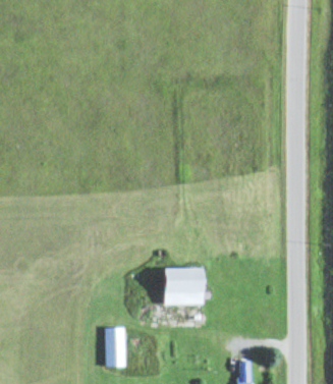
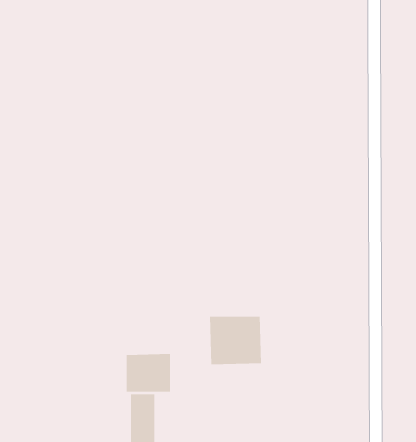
building: none -> [126,353,170,393]

